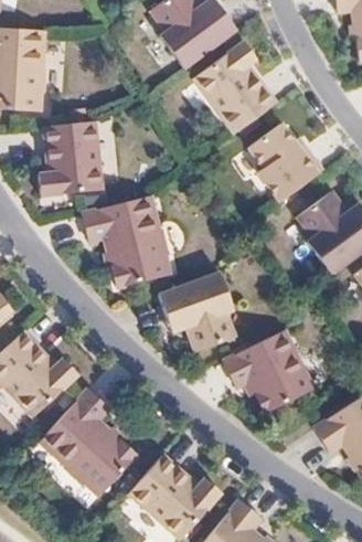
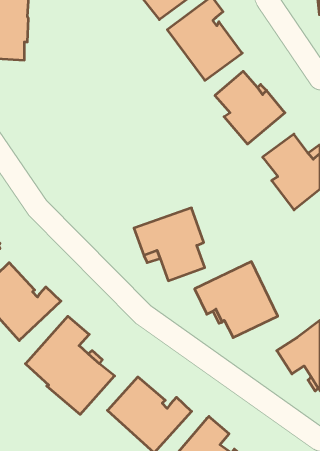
building: [40,120,103,195] -> none
building: [83,194,170,286] -> none

